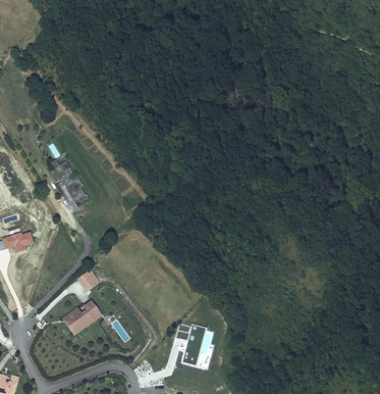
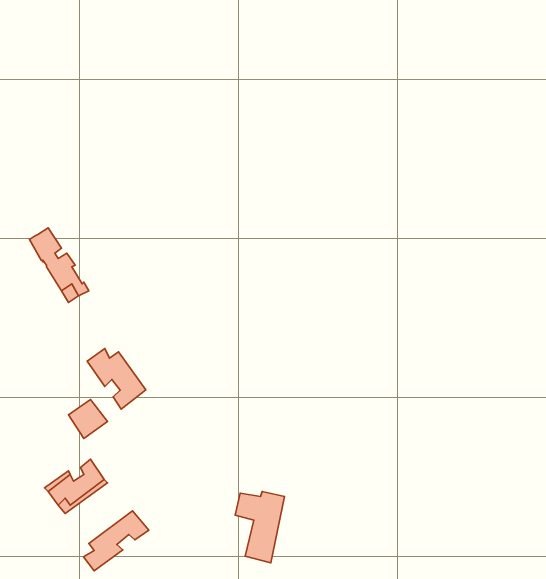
building: none -> [87,349,146,409]
building: none -> [84,511,149,571]

